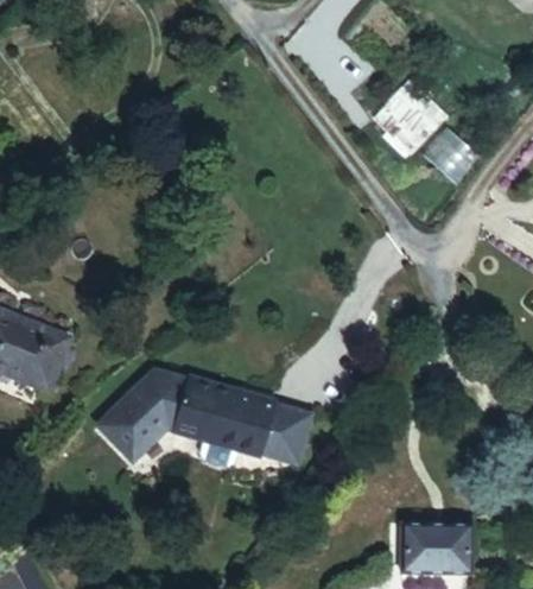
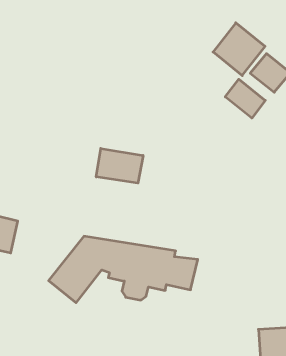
building: none -> [225,79,265,118]
building: none -> [96,148,143,183]

